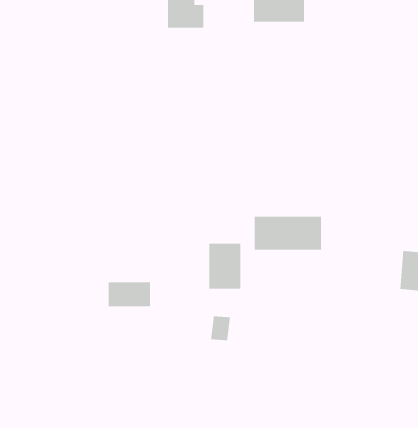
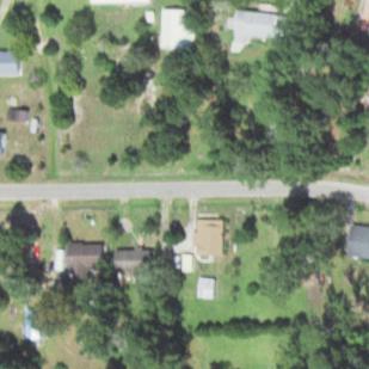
building: [254,216,321,251] -> none
building: none -> [67,244,102,276]

